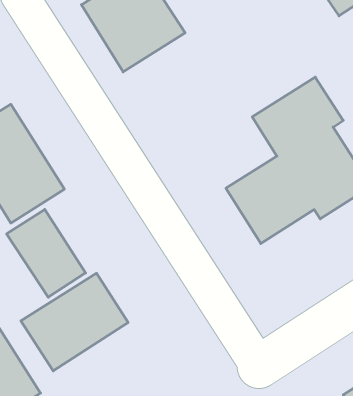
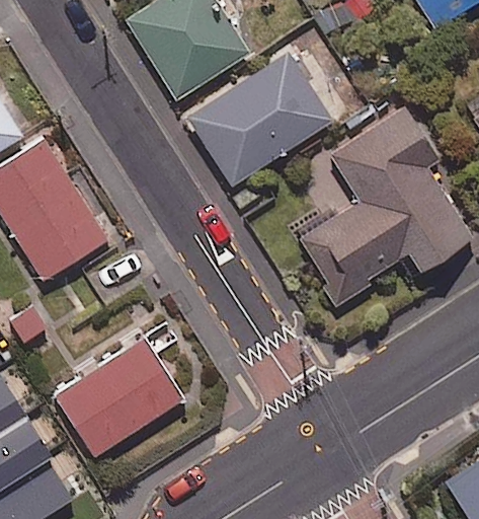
building: none -> [189,53,332,184]
building: [7,209,86,297] -> none

